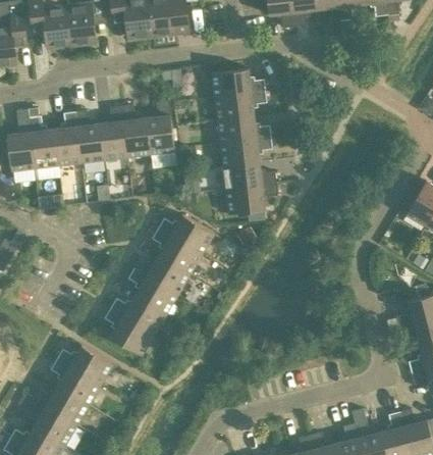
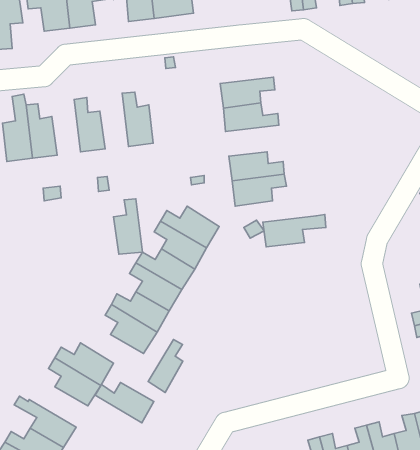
building: [211,68,265,97] -> none
building: [146,100,174,154] -> none
building: [99,106,126,159] -> [114,199,142,254]
building: [53,112,80,165] -> none
building: [219,136,279,166] -> [263,215,326,247]
building: none -> [148,339,183,392]
building: [32,387,88,425] -> [95,382,154,423]

